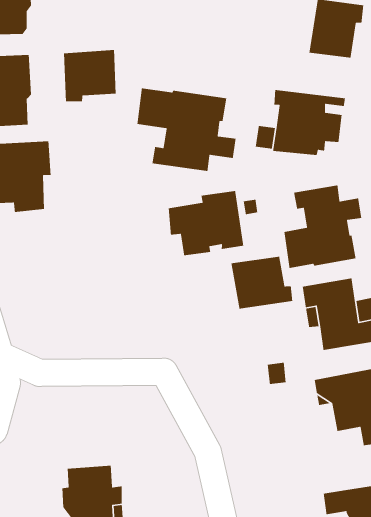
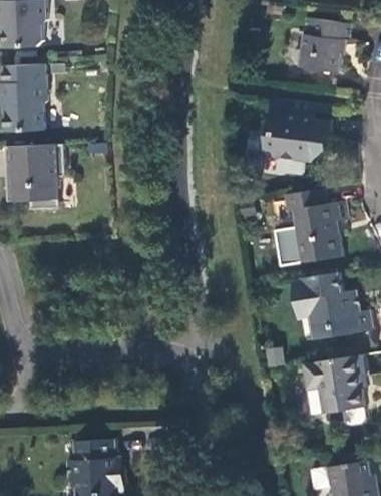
building: [63,49,117,102] -> none
building: [137,87,236,172] -> none
building: [168,190,244,256] -> none
building: [231,256,293,309] -> none

